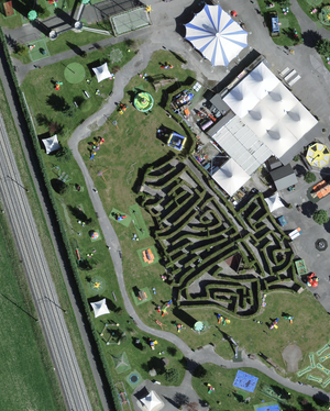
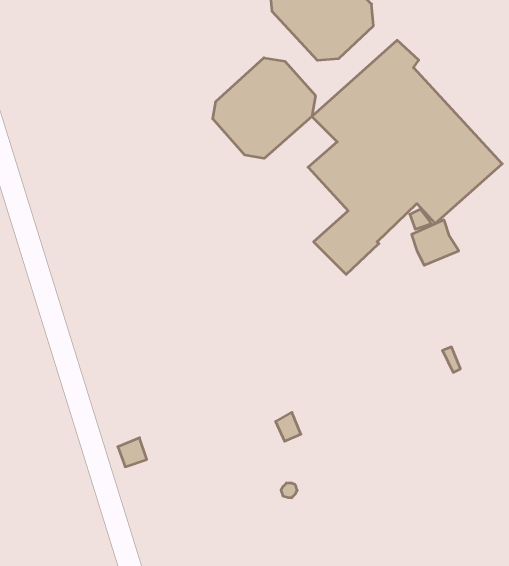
building: none -> [213,58,315,158]

